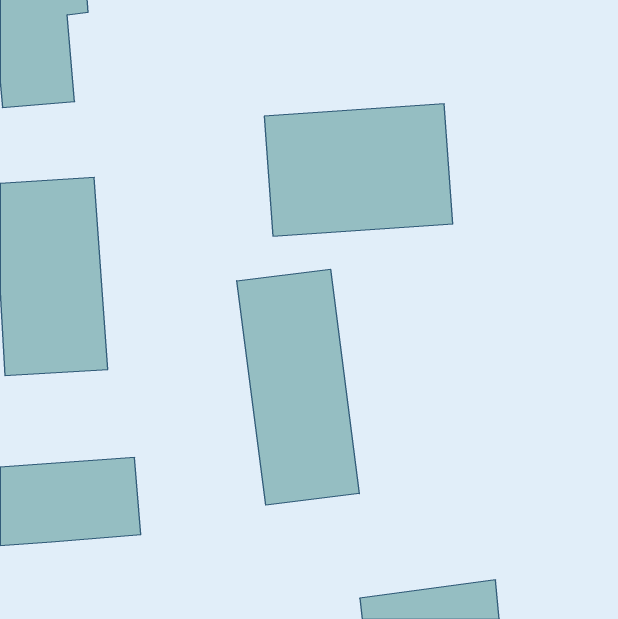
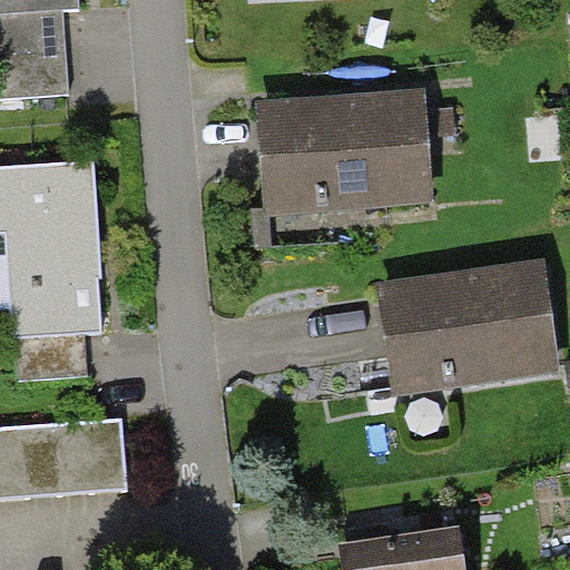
building: [237,269,359,505] -> none
building: none -> [370,263,556,390]

